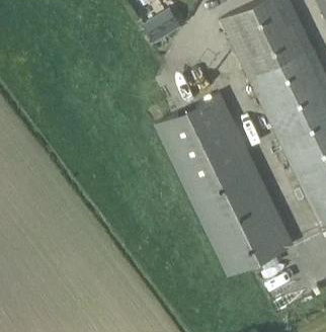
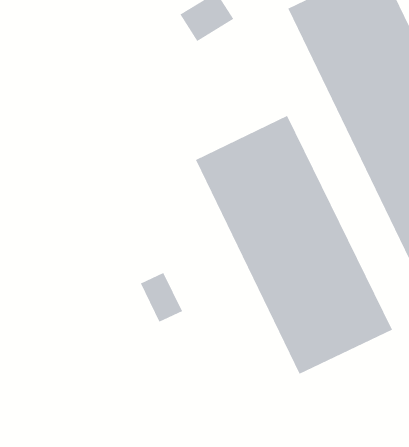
building: none -> [140,272,183,322]

